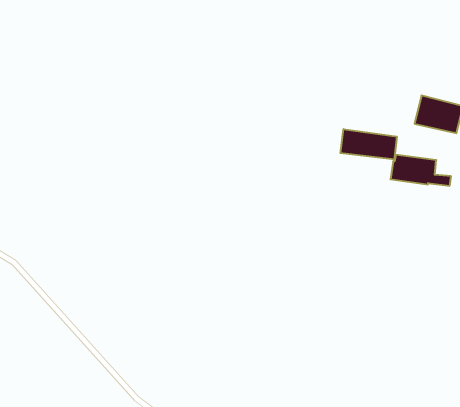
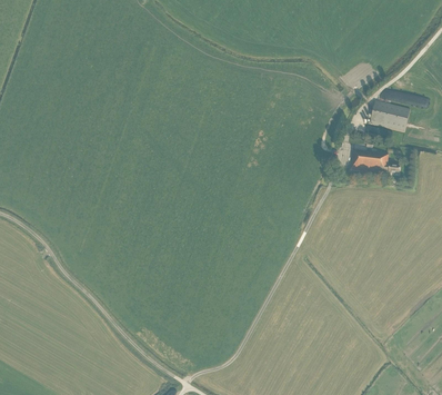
building: [340,129,397,160] -> none

